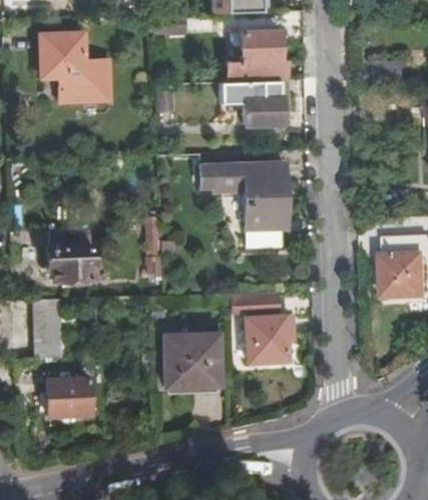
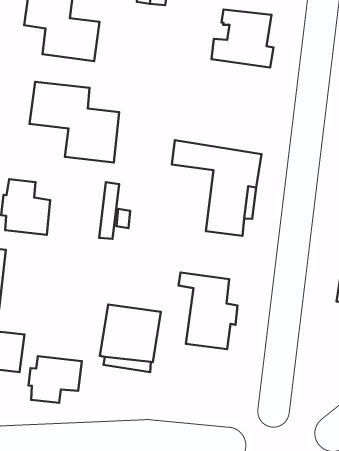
building: [220,79,280,122] -> none
building: none -> [29,82,119,162]
building: none -> [29,356,82,403]

